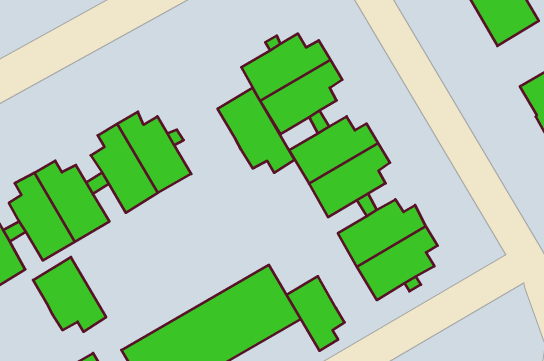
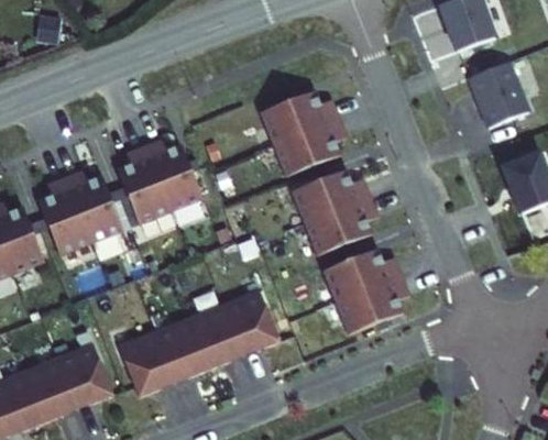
building: [218,88,295,173] -> none
building: [33,257,106,332] -> none
building: [287,276,345,351] -> none

